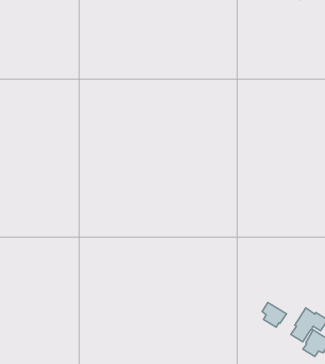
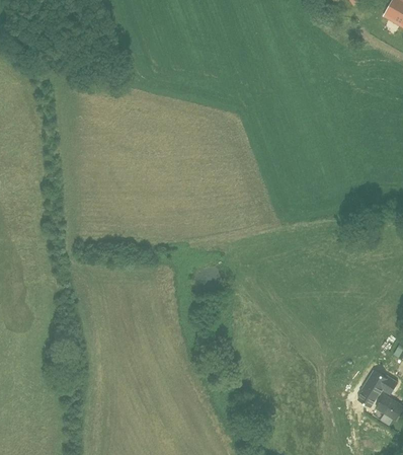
building: [262,302,287,327] -> none

